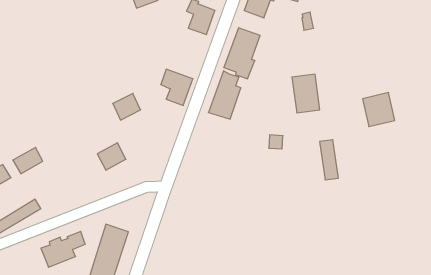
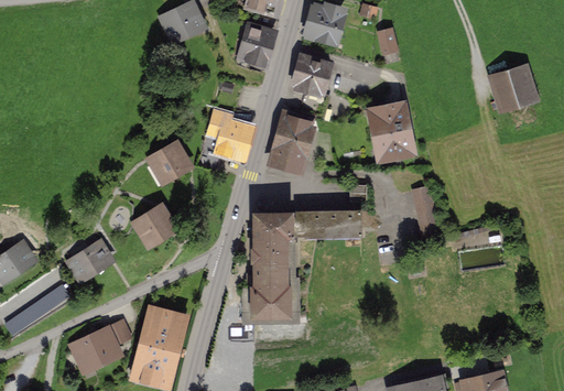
building: [363,93,395,127] -> [492,64,534,108]
building: [13,147,43,174] -> [70,242,108,276]
building: none -> [243,211,360,322]

